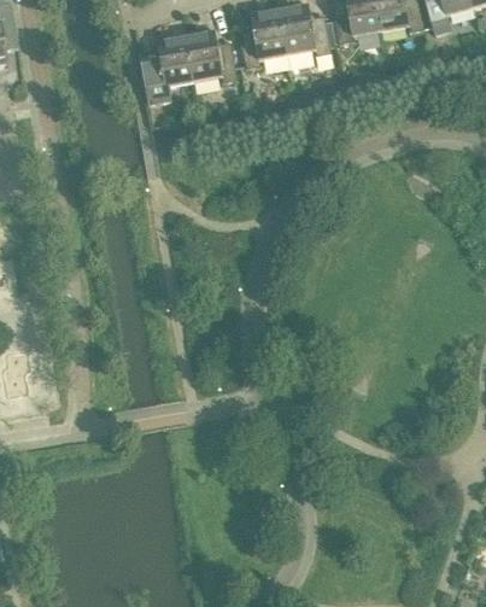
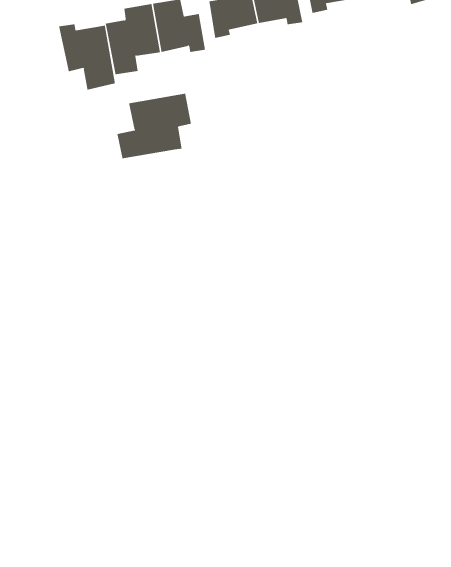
building: none -> [58,23,116,90]
building: none -> [117,93,191,159]

